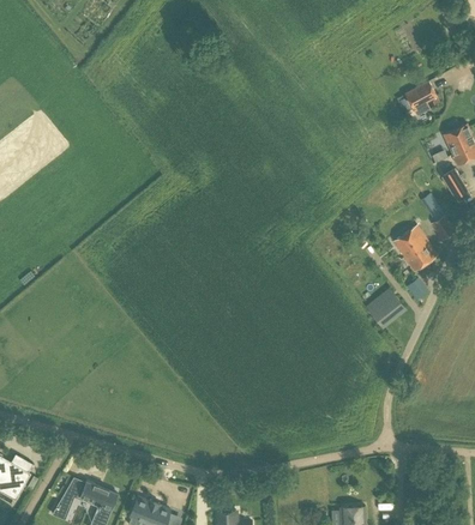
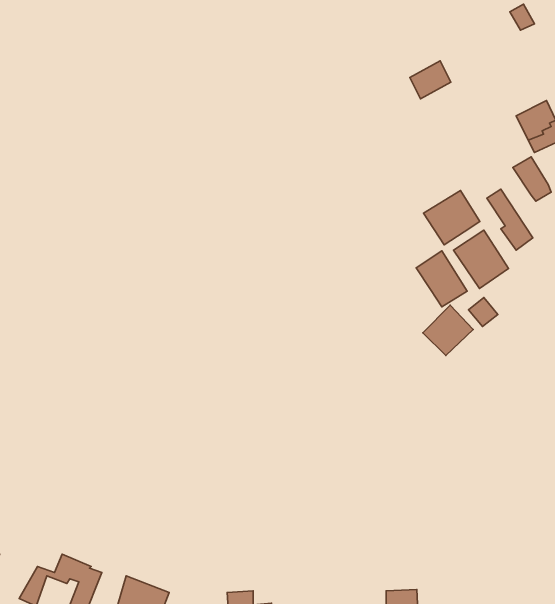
building: [404,82,437,111] -> [410,61,451,99]
building: none -> [424,190,480,245]
building: none -> [416,251,467,307]

